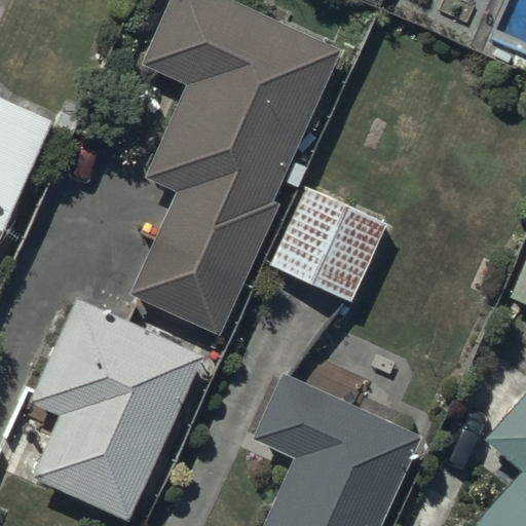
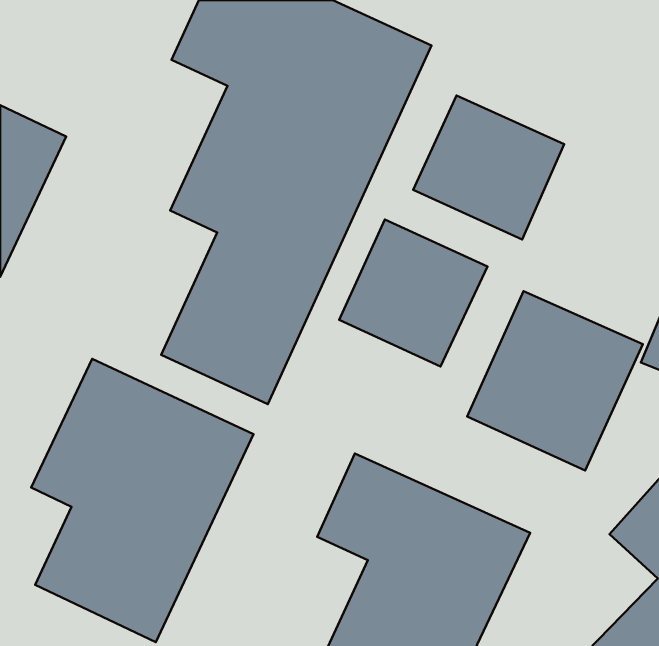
building: none -> [413,96,564,239]
building: none -> [467,291,643,470]

